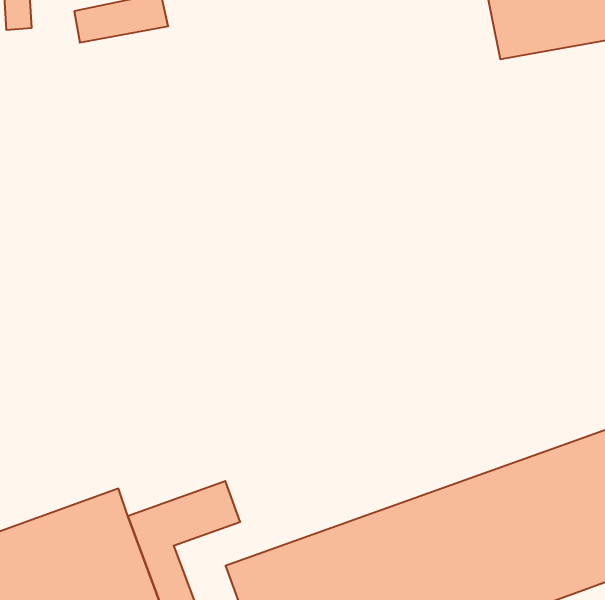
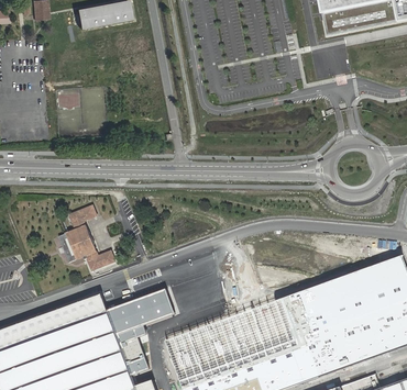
building: none -> [64,207,113,272]

